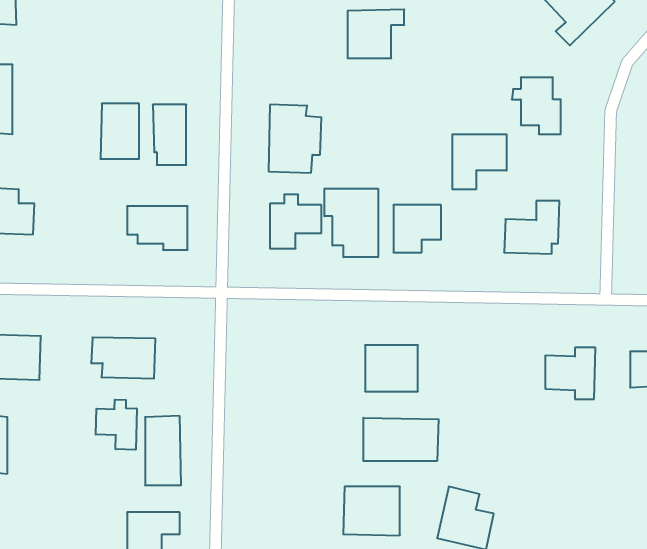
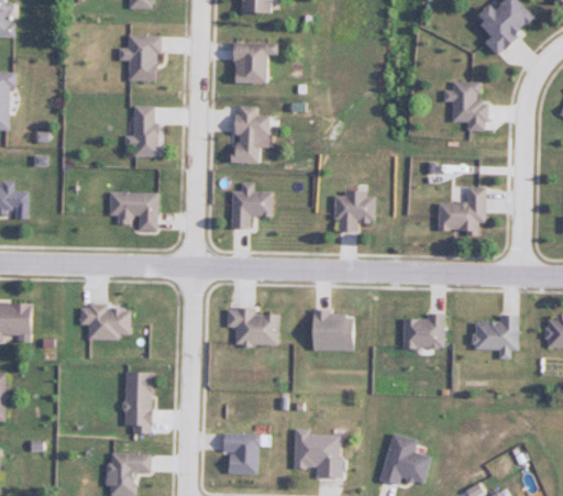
building: [348,9,404,58] -> [236,42,285,84]
building: [100,104,139,159] -> [129,34,162,81]
building: [452,134,507,189] -> none
building: [324,189,378,257] -> none
building: none -> [228,309,280,345]
building: none -> [396,316,437,348]
building: [96,400,137,450] -> none
building: [363,418,439,461] -> none
building: none -> [227,434,263,474]

